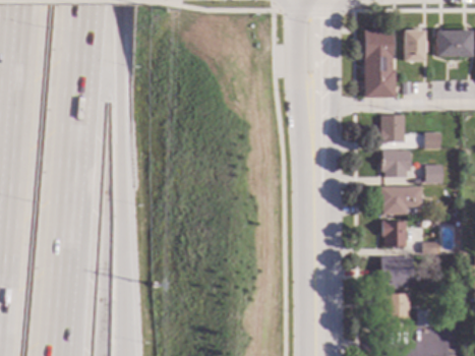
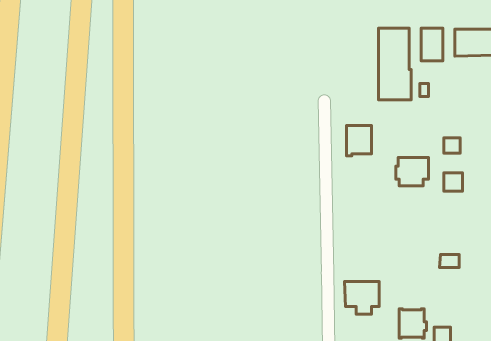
building: [381,115,405,143] -> [347,125,372,156]
building: [381,186,423,214] -> none
building: [382,221,414,246] -> none
building: [380,256,413,287] -> [344,281,379,314]

